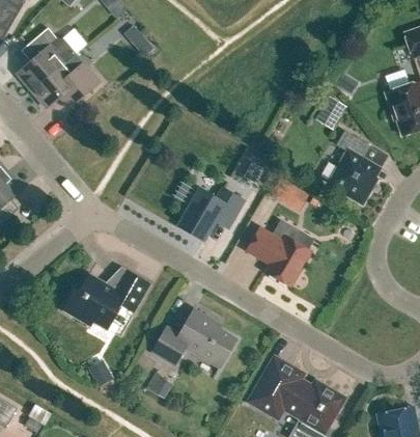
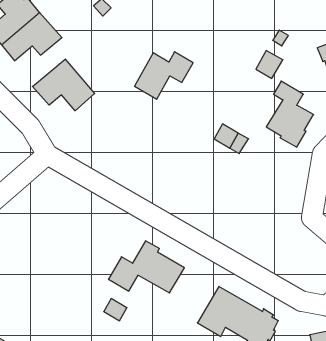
building: none -> [32,59,95,111]
building: [178,188,244,241] -> [135,52,193,99]
building: [246,219,314,286] -> none
building: [62,270,149,330] -> none

